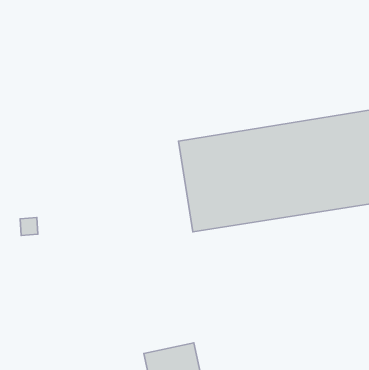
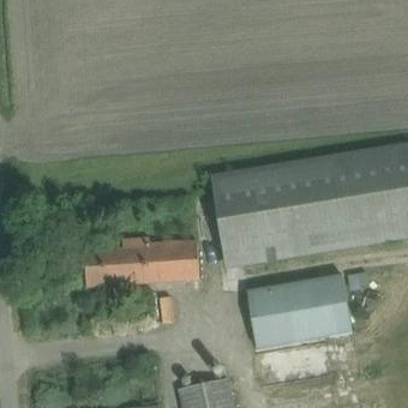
building: none -> [84,240,199,287]
building: none -> [246,274,352,349]

